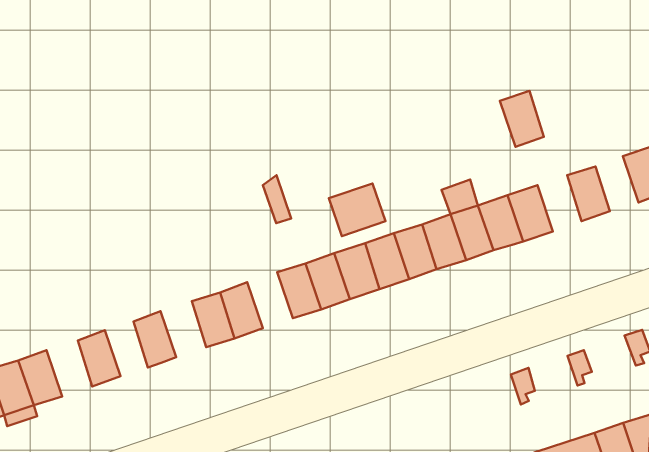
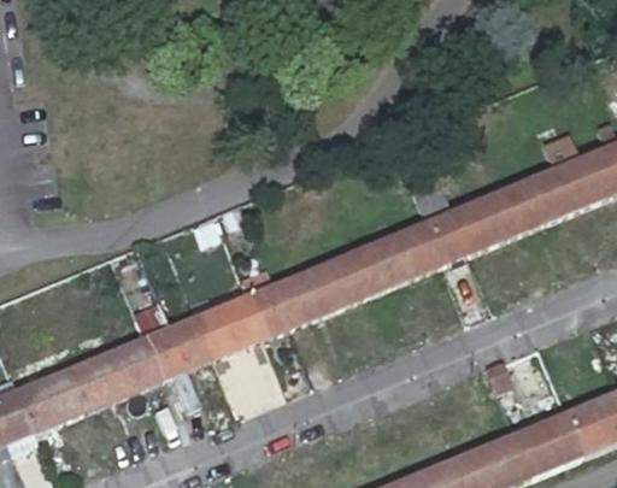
building: [500,91,544,147] -> [499,181,541,233]
building: none -> [551,160,592,211]
building: [329,183,385,236] -> none
building: none -> [241,286,284,337]
building: none -> [164,317,207,369]
building: none -> [114,339,155,389]
building: none -> [63,359,106,411]

